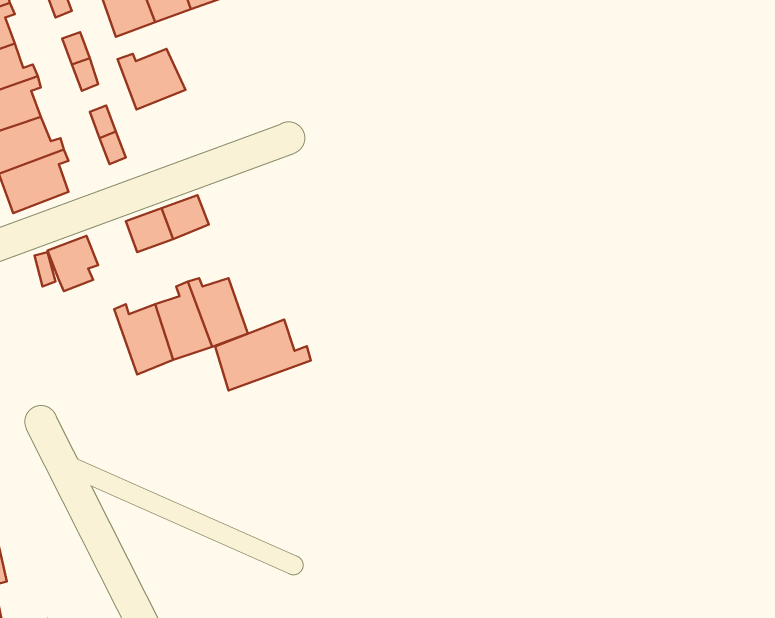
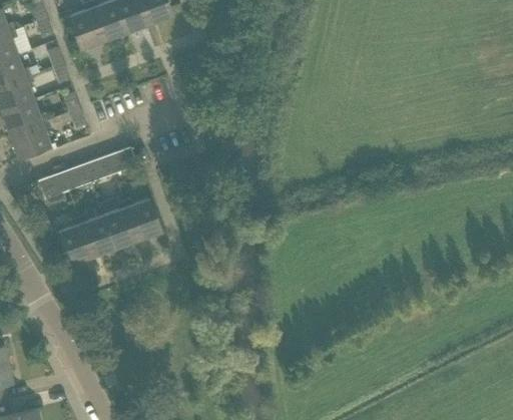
building: [118,49,186,109] -> none
building: none -> [61,163,92,190]
building: none -> [56,218,92,266]
building: [215,320,311,390] -> none

